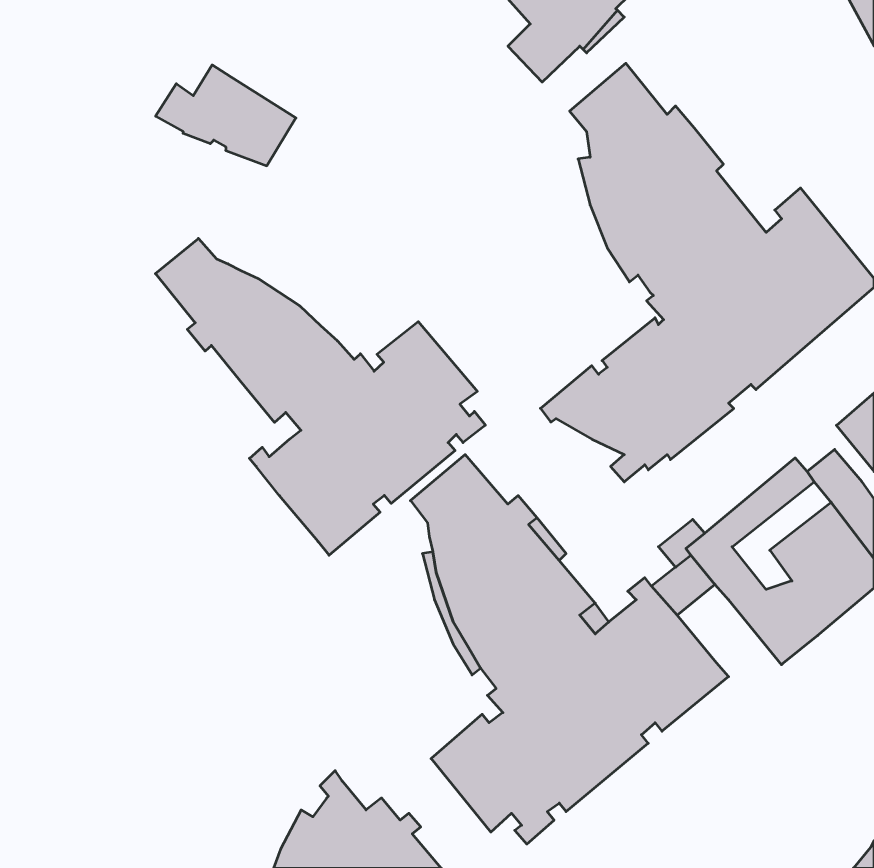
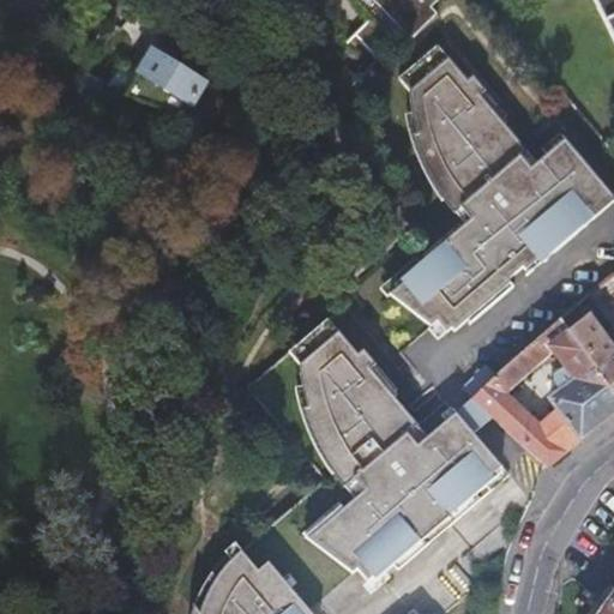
building: [155,238,485,555] -> none

